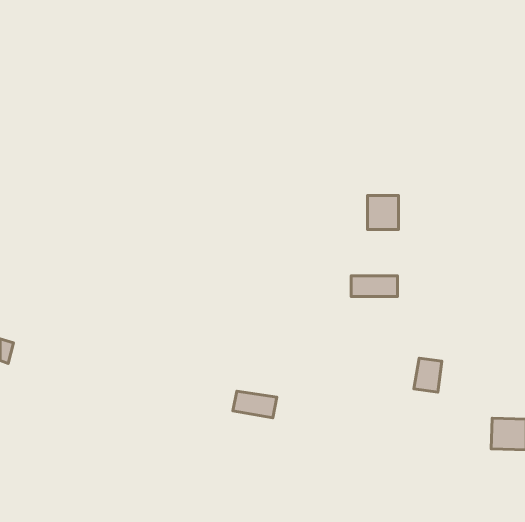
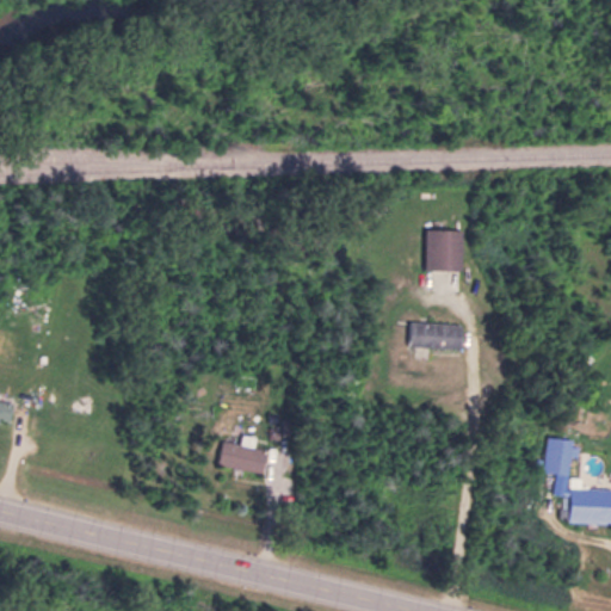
building: [414,358,442,392] -> [542,438,574,477]
building: [233,391,277,418] -> [217,443,269,474]

